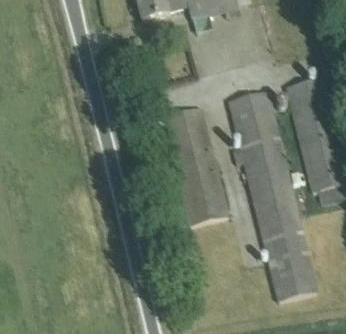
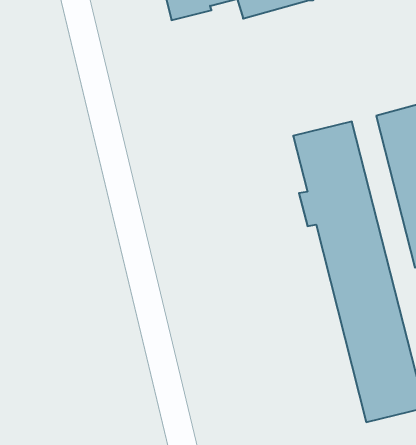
building: [163,107,229,225] -> none

